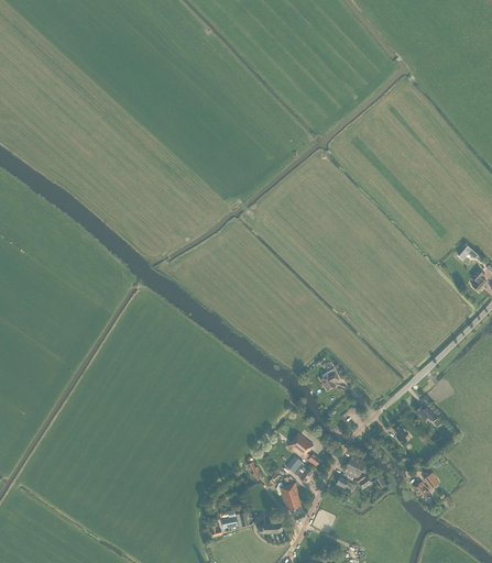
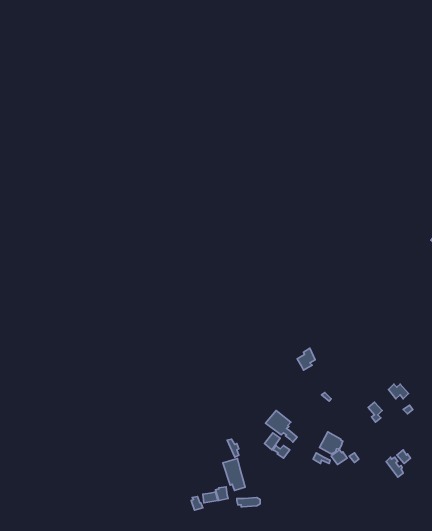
building: [280,482,303,515] -> [223,459,245,490]

